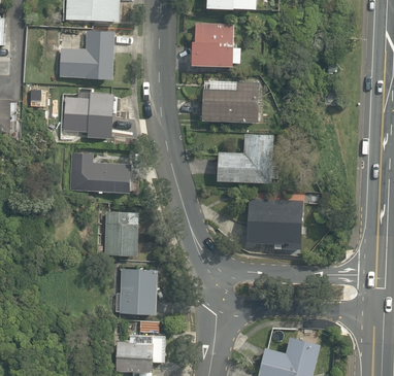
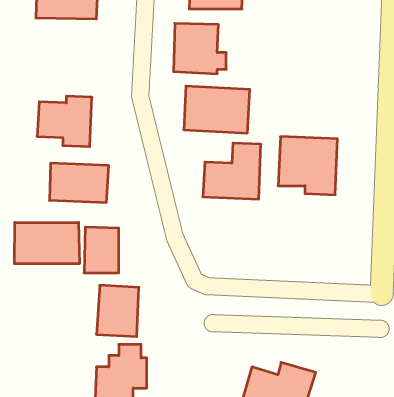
building: [61,28,112,77] -> none
building: [244,200,299,253] -> [278,137,337,195]
building: none -> [14,222,79,264]

